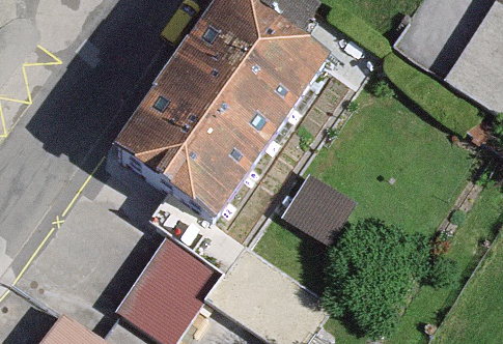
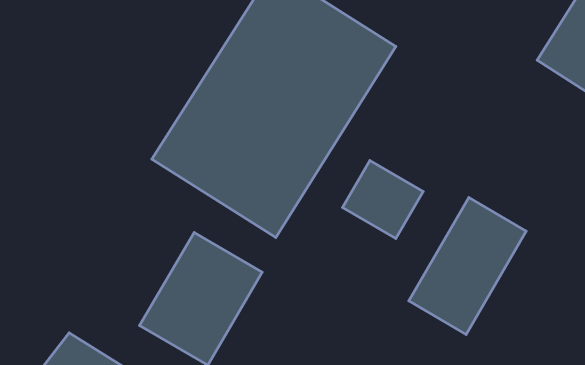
building: none -> [409,197,526,334]

